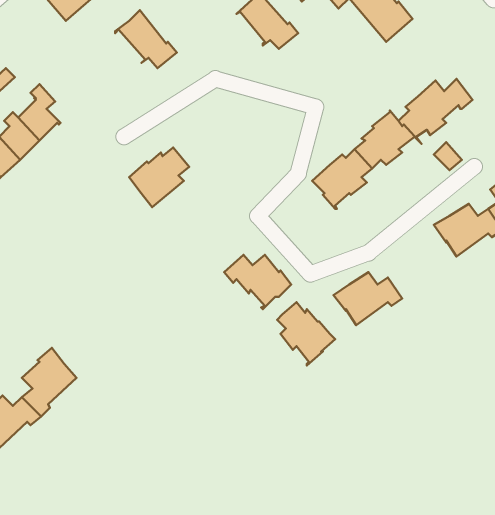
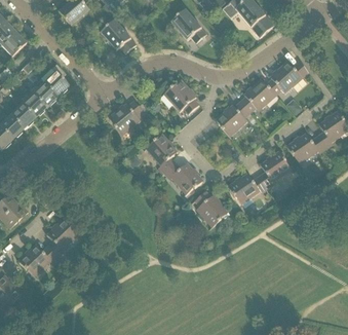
building: none -> [164,79,199,114]
building: none -> [146,133,178,175]
building: none -> [260,150,292,188]

